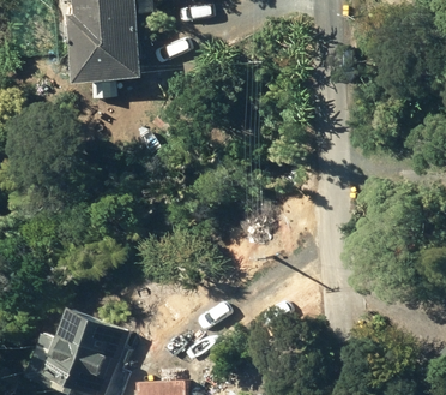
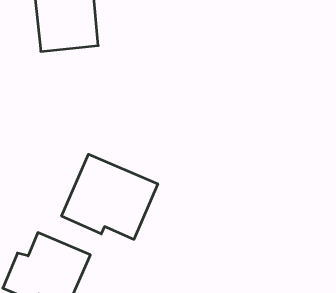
building: none -> [62,154,158,239]

